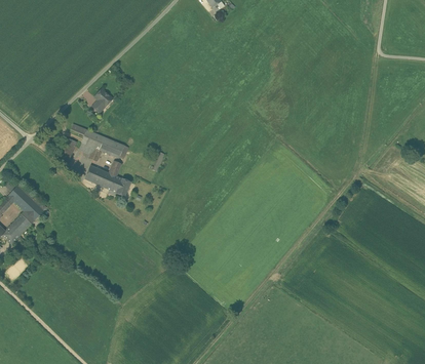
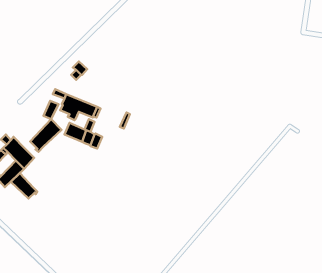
building: none -> [30,119,62,152]
building: none -> [11,173,37,199]

